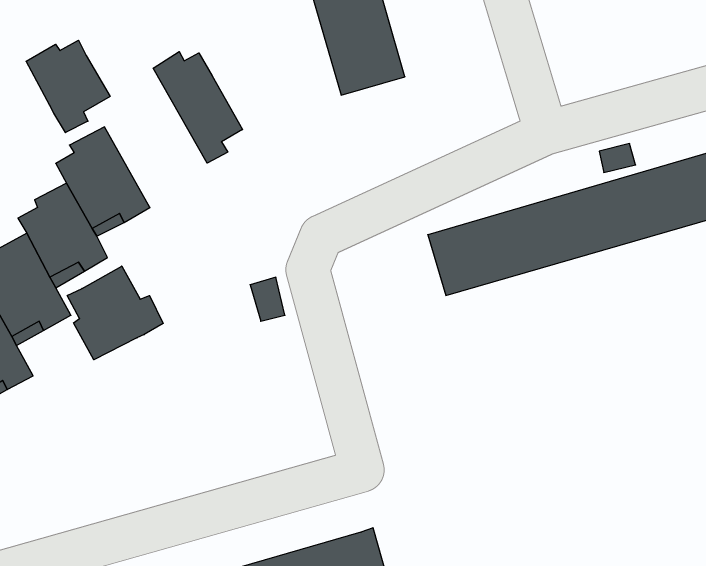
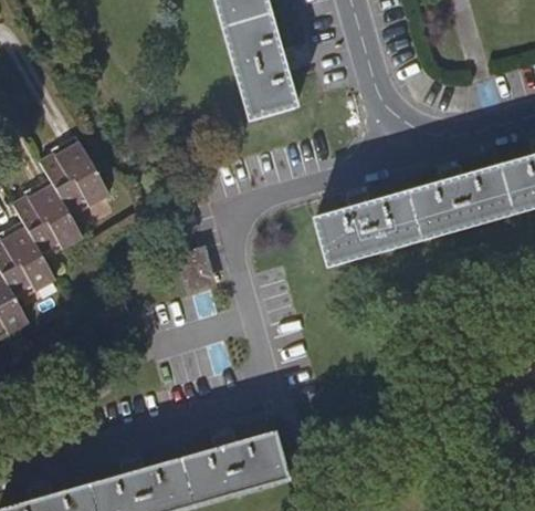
building: [26,40,110,133] -> none
building: [153,52,243,163] -> none
building: [67,266,163,360] -> none

